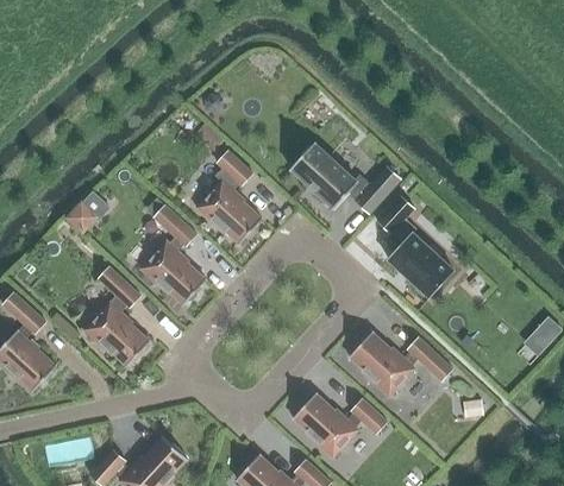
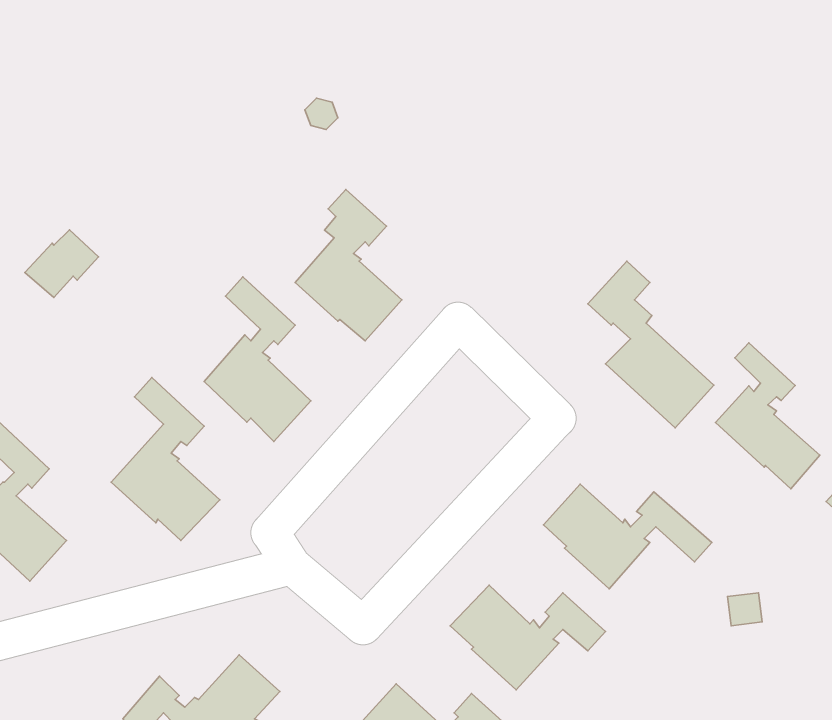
building: [289,143,400,214] -> none
building: [64,191,109,233] -> [25,230,99,298]
building: none -> [715,343,820,489]

